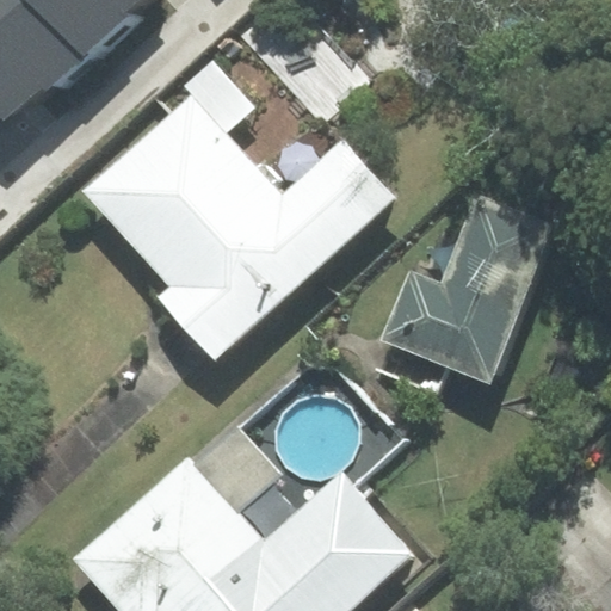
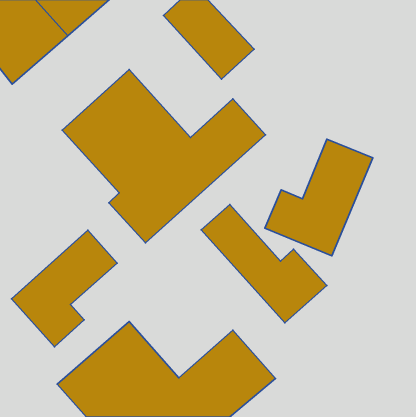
building: none -> [201,204,327,323]
building: none -> [11,230,117,347]

